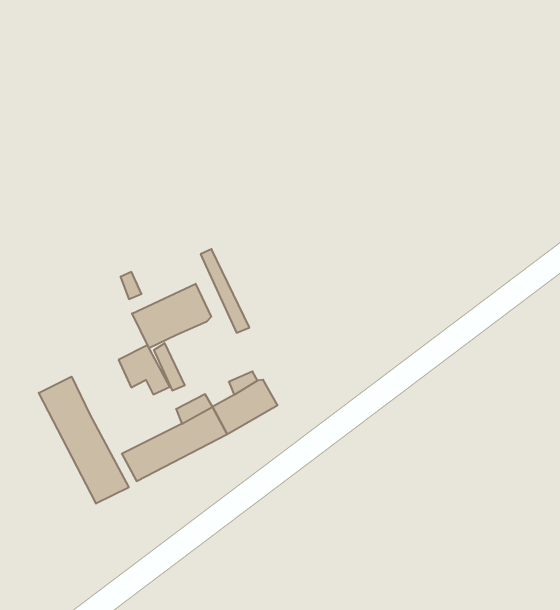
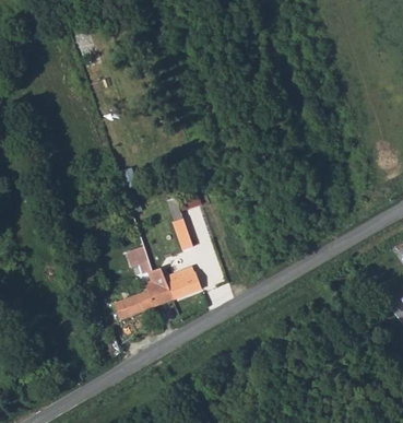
building: [132,284,211,348] -> none
building: [39,377,129,504] -> none

